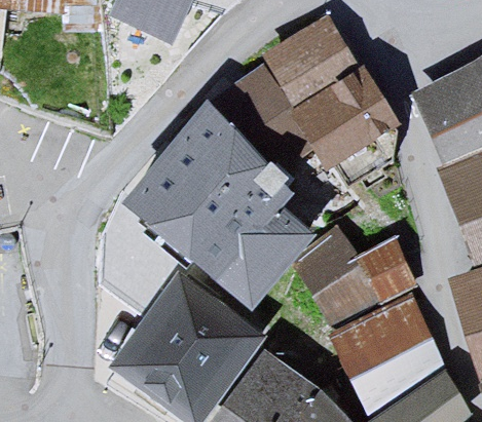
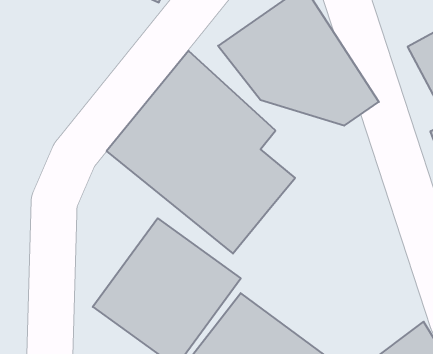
building: [289,230,415,319] -> none
building: [331,299,439,397] -> none

